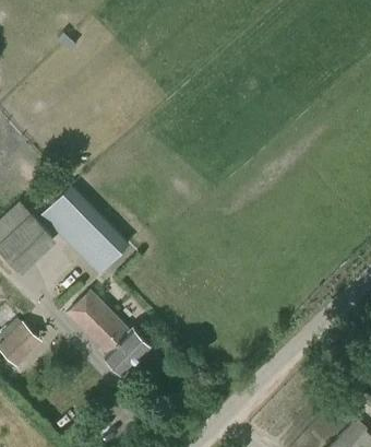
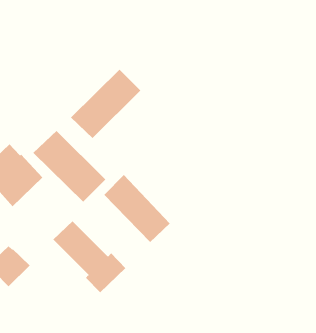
building: none -> [70,69,141,139]
building: none -> [104,174,170,243]

